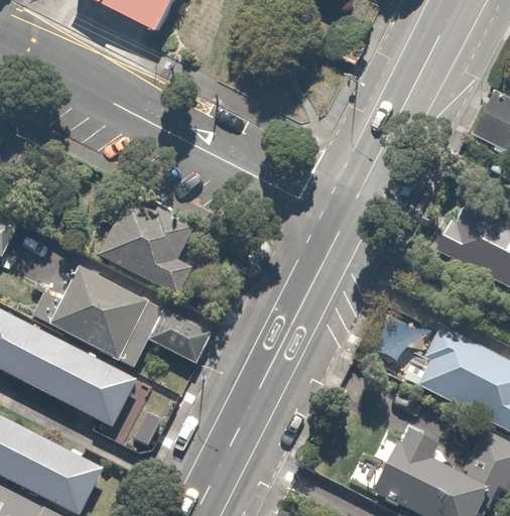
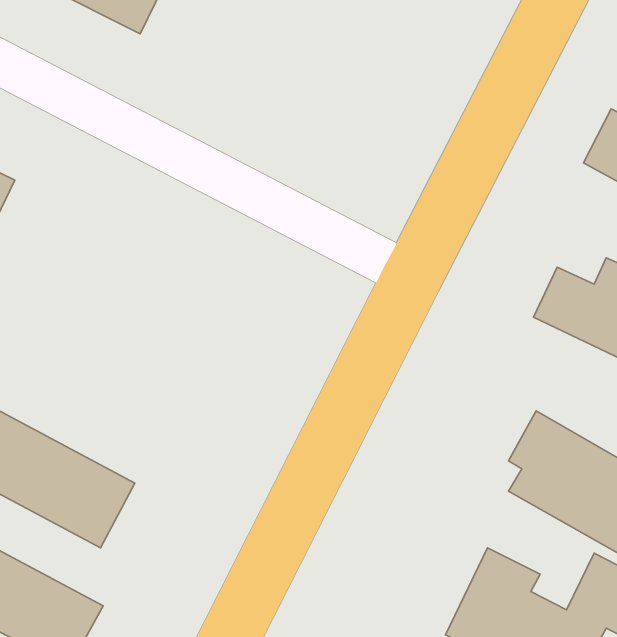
building: [99,191,196,297] -> none
building: [47,261,209,369] -> none

